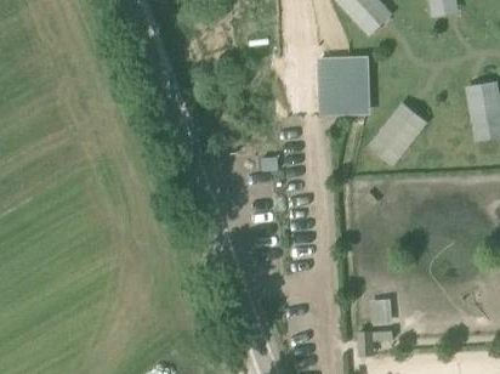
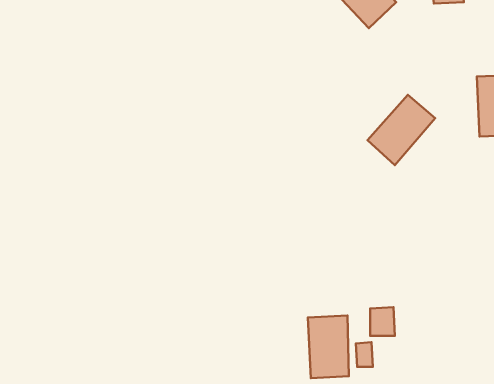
building: [326,56,368,115] -> none
building: none -> [308,315,349,378]

